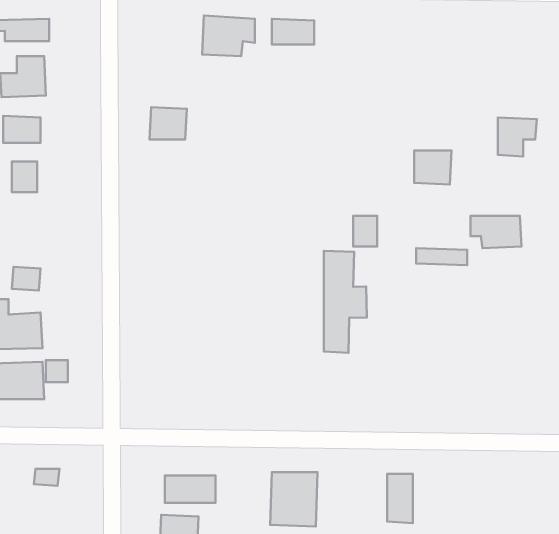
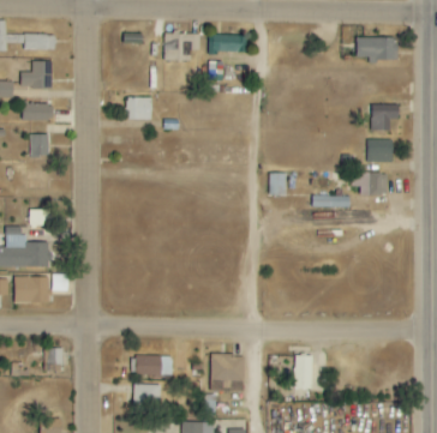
building: none -> [357,37,397,60]
building: [414,151,452,185] -> [366,139,393,163]
building: [324,251,367,353] -> none

